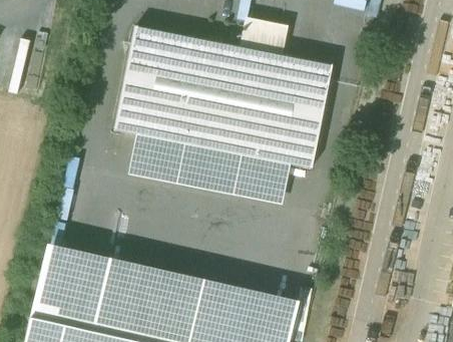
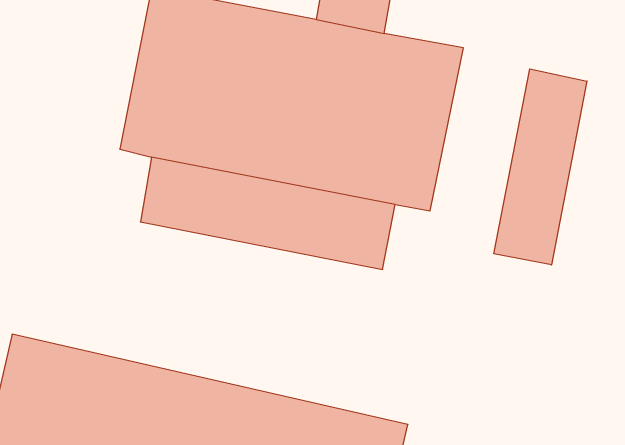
building: none -> [494,69,587,265]

